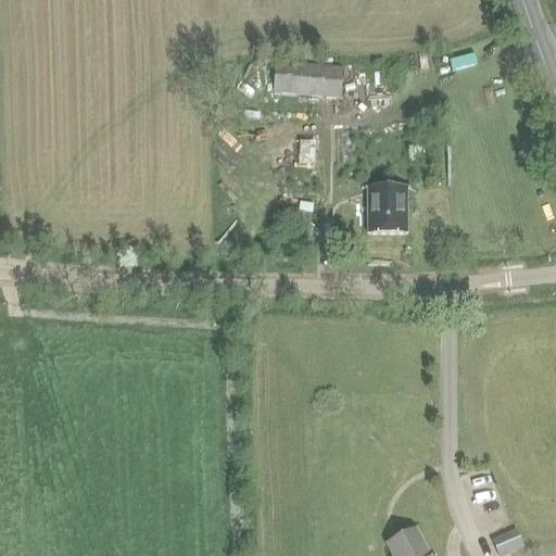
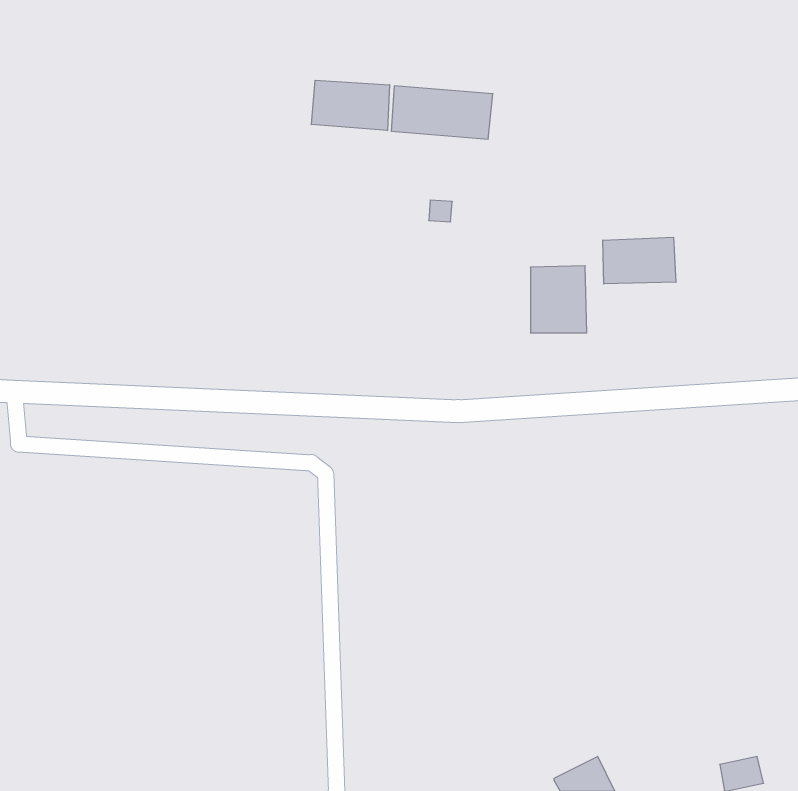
building: none -> [311,80,390,131]
building: none -> [603,237,676,284]

